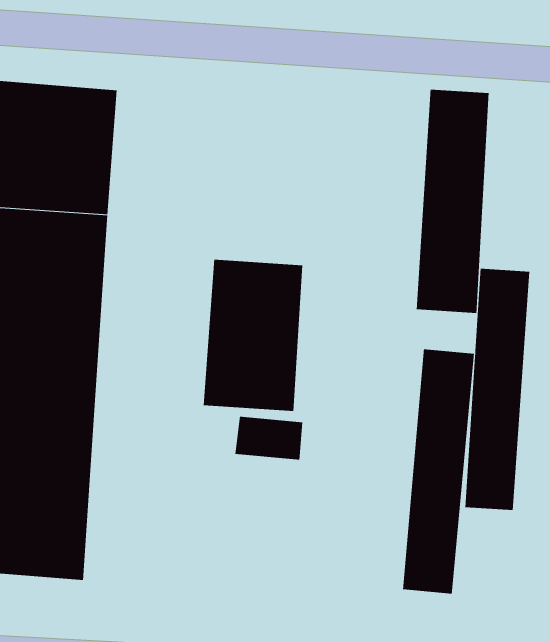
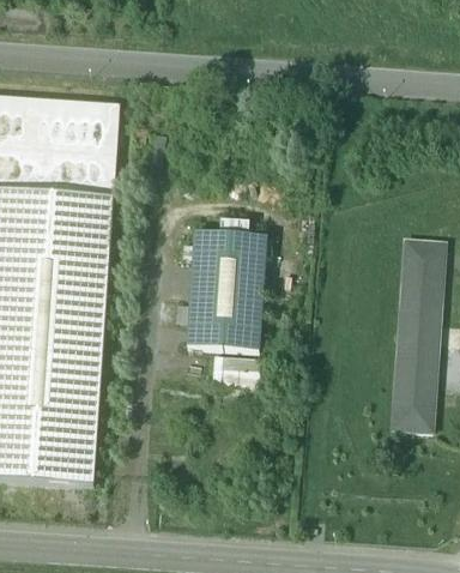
building: [416,89,489,314] -> none
building: [402,348,474,594] -> none

